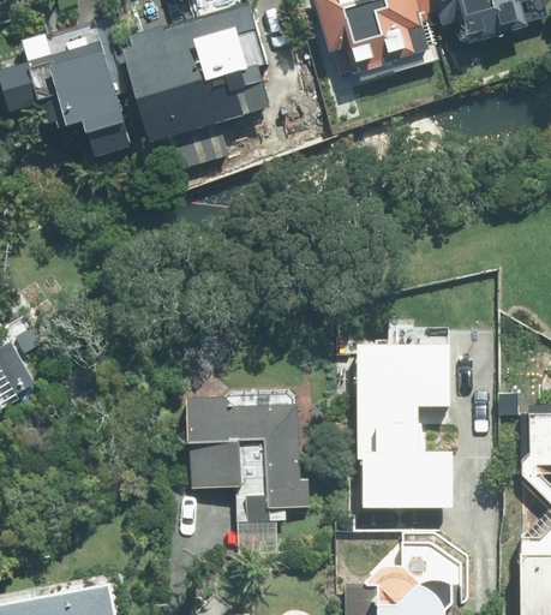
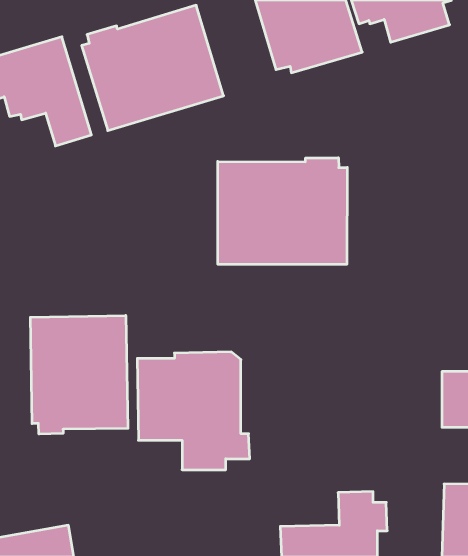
building: none -> [218,158,347,264]
building: [357,341,456,506] -> none
building: none -> [30,315,128,434]

